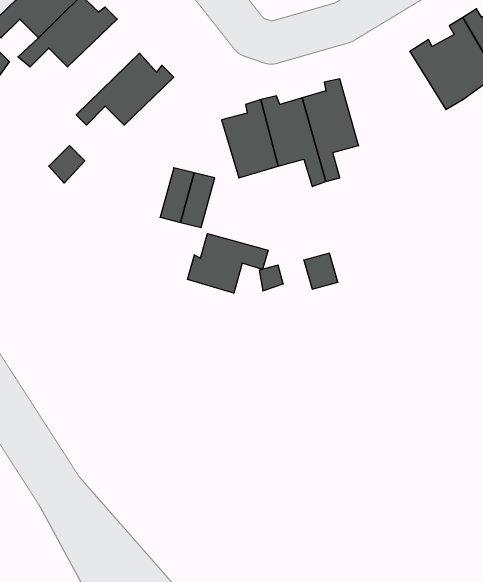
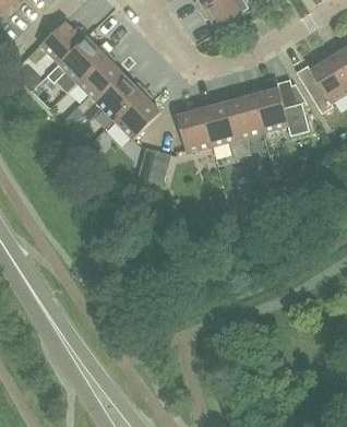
building: none -> [77,51,124,112]
building: none -> [252,79,310,134]
building: none -> [115,88,161,139]
building: [187,234,268,293] -> none

